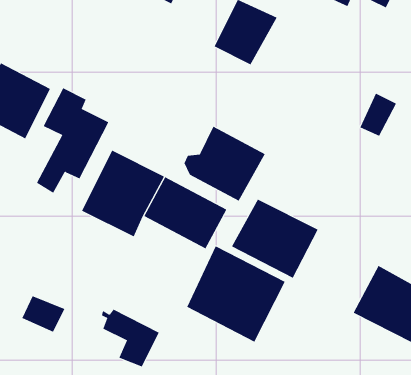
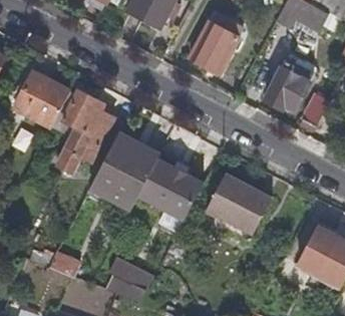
building: none -> [266,58,314,107]
building: [184,126,265,201] -> none
building: [187,246,286,343] -> none

